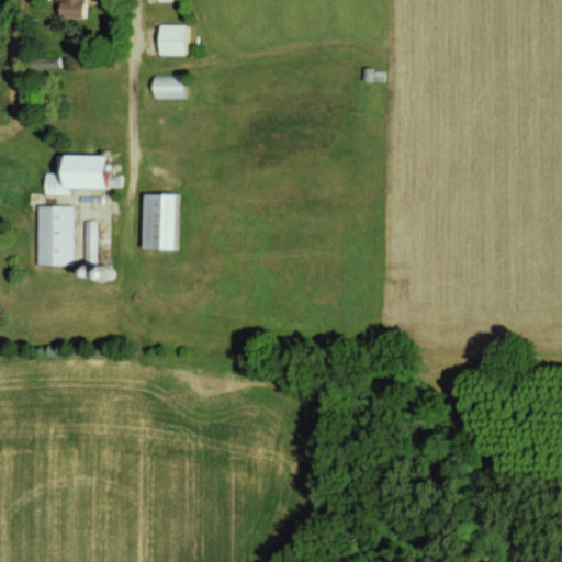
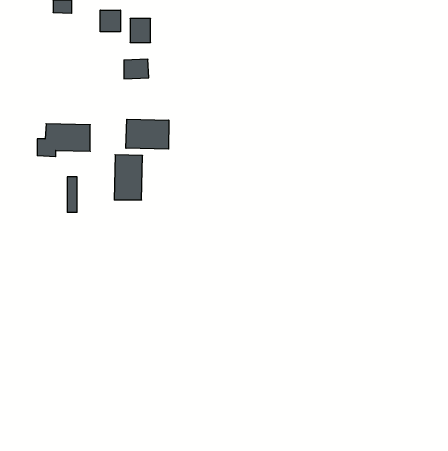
building: none -> [100,10,120,32]
building: none -> [126,119,169,149]
building: [37,205,74,265] -> none

